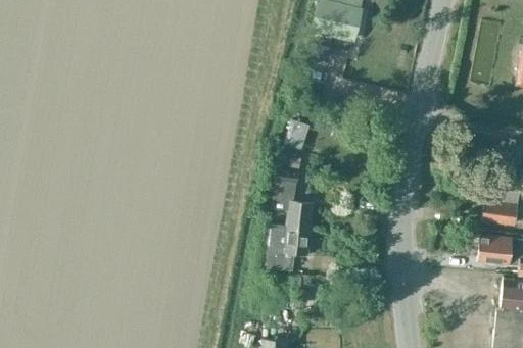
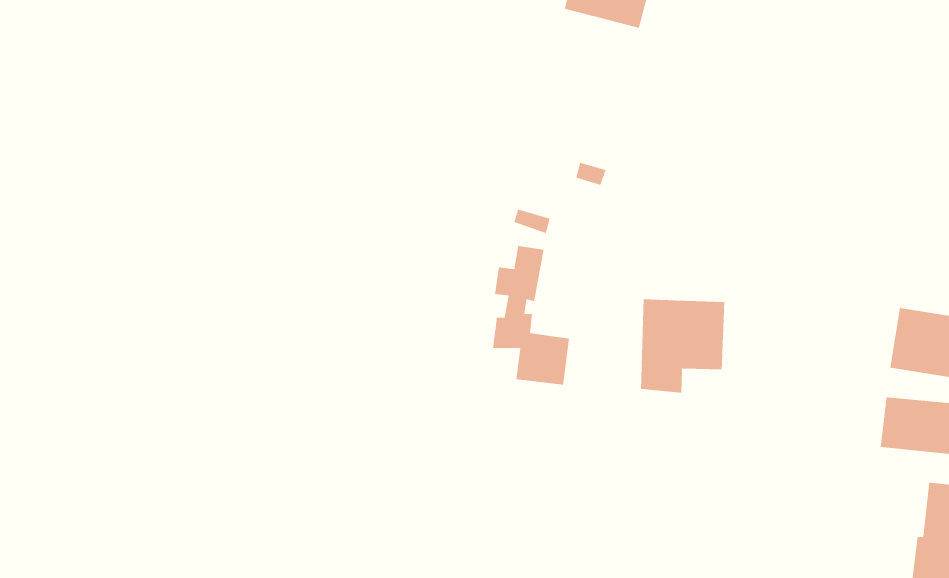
building: none -> [641,298,725,394]
building: [267,225,312,271] -> none

